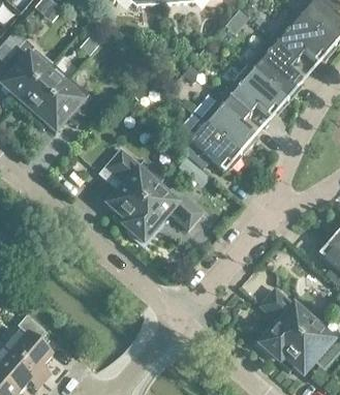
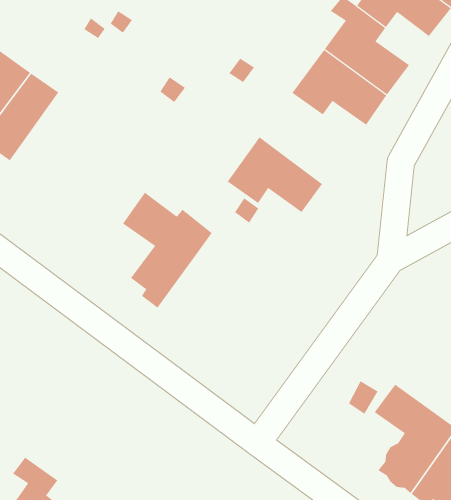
building: [34,77,107,131] -> none
building: [199,90,255,152] -> none
building: [123,185,203,242] -> none

